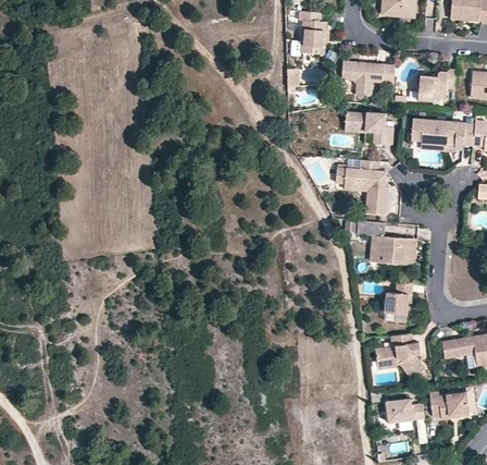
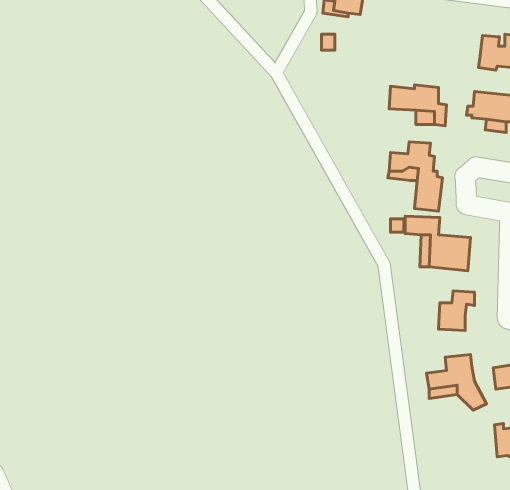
building: [351,58,396,95] -> none
building: [384,397,424,423] -> none

